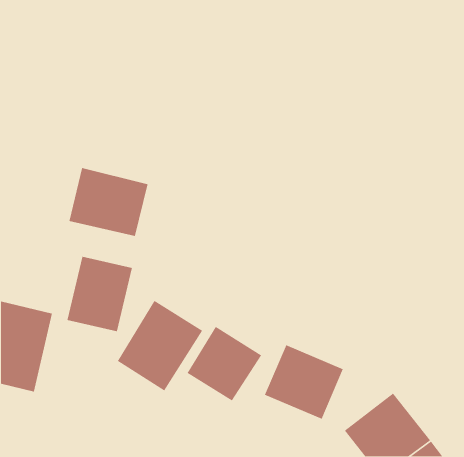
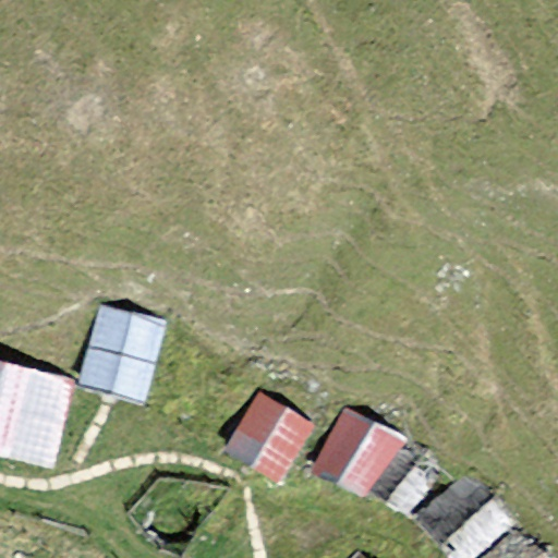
building: [69,167,149,237] -> none
building: [117,300,203,391] -> none

